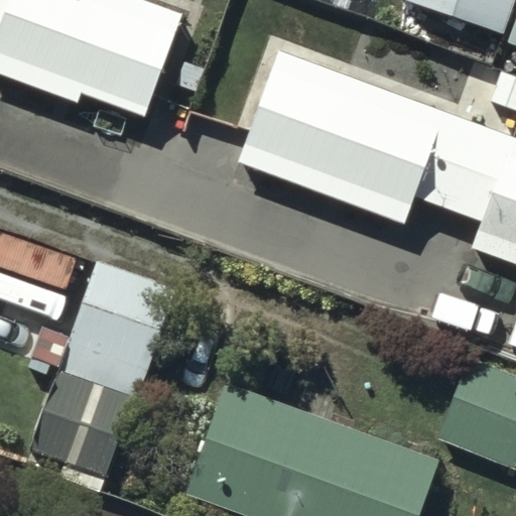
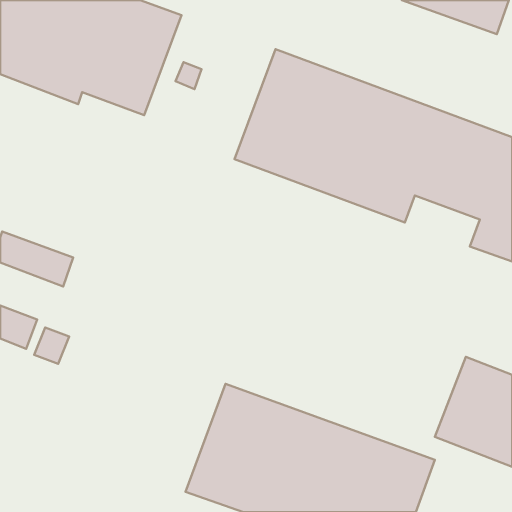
building: [63,267,175,397] -> none
building: [31,375,133,477] -> none

